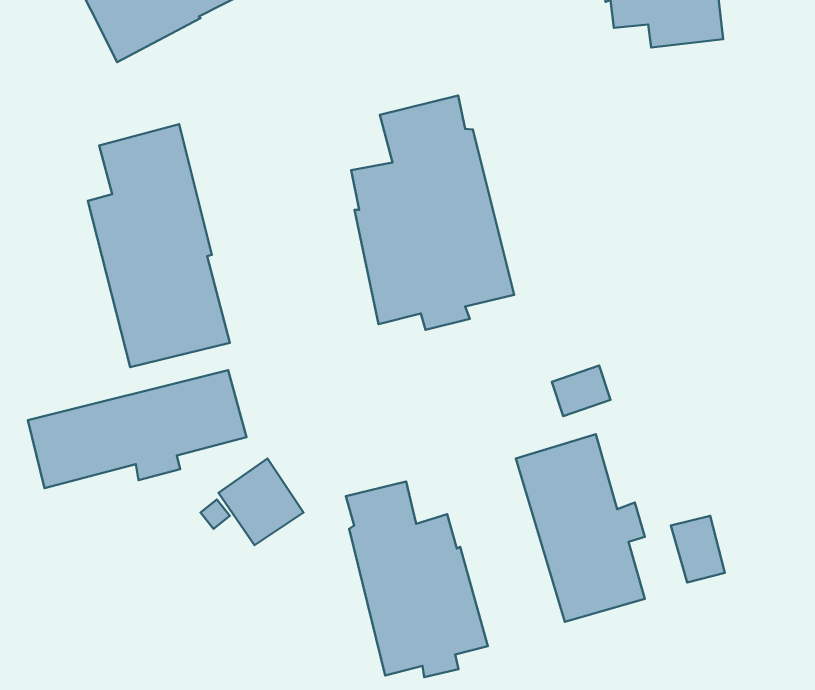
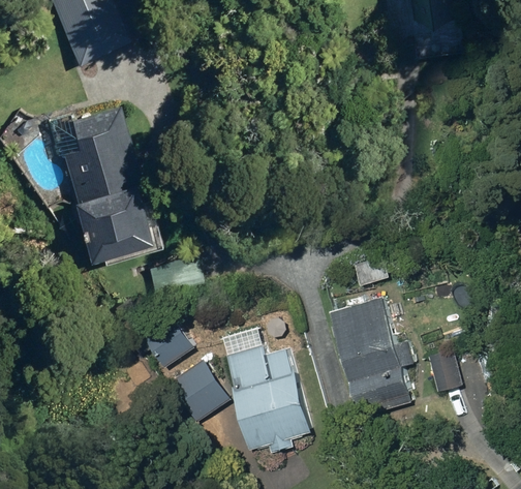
building: [351,95,514,330] -> none
building: [28,370,246,488] -> none
building: none -> [167,358,232,424]

